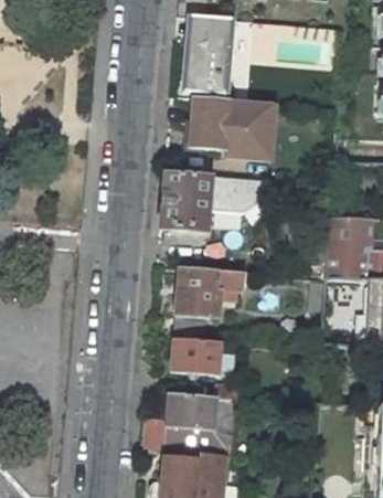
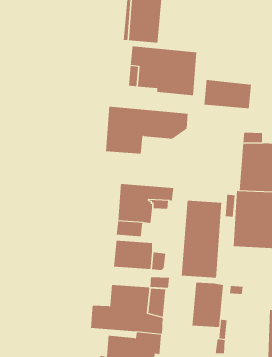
building: none -> [204,79,251,109]
building: none -> [181,200,222,279]
building: none -> [192,282,224,328]

